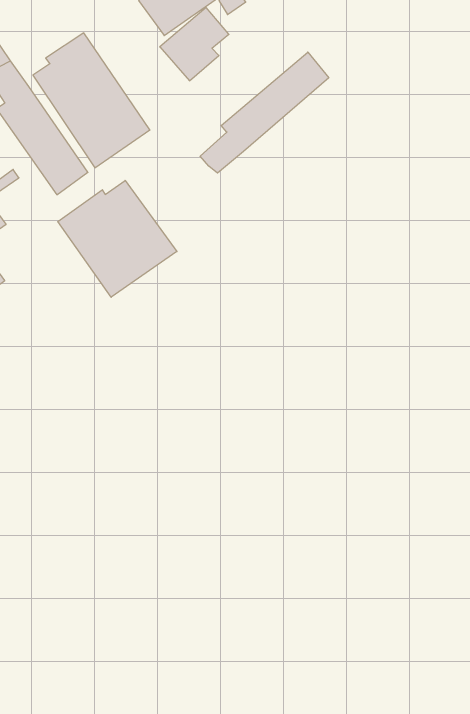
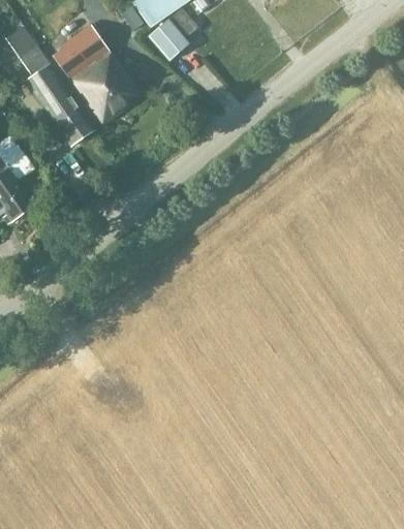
building: [200,52,329,173] -> none
building: [58,180,177,297] -> none

